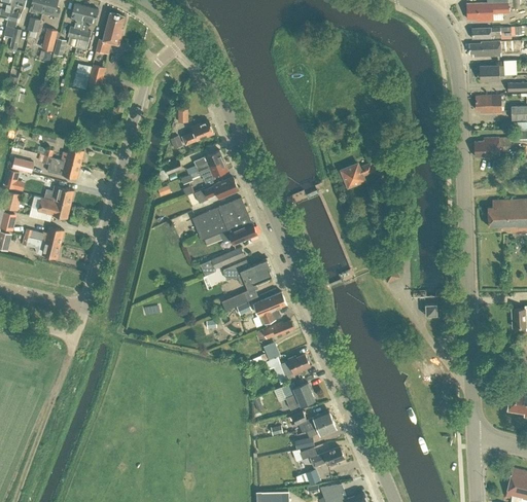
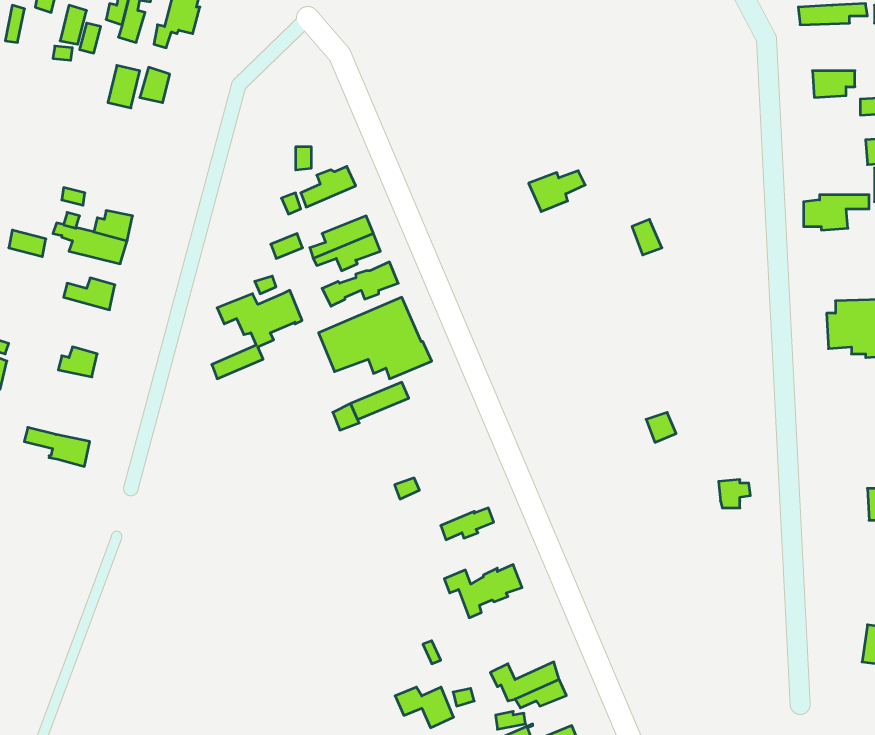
building: [469,40,512,57] -> none
building: [476,95,501,113] -> none
building: [342,163,375,186] -> [529,171,585,212]
building: [38,198,71,218] -> none
building: [23,236,61,258] -> [24,427,90,466]
building: [222,258,275,310] -> [212,290,302,379]
building: [254,292,287,323] -> none
building: [281,382,315,405] -> [395,687,454,728]

